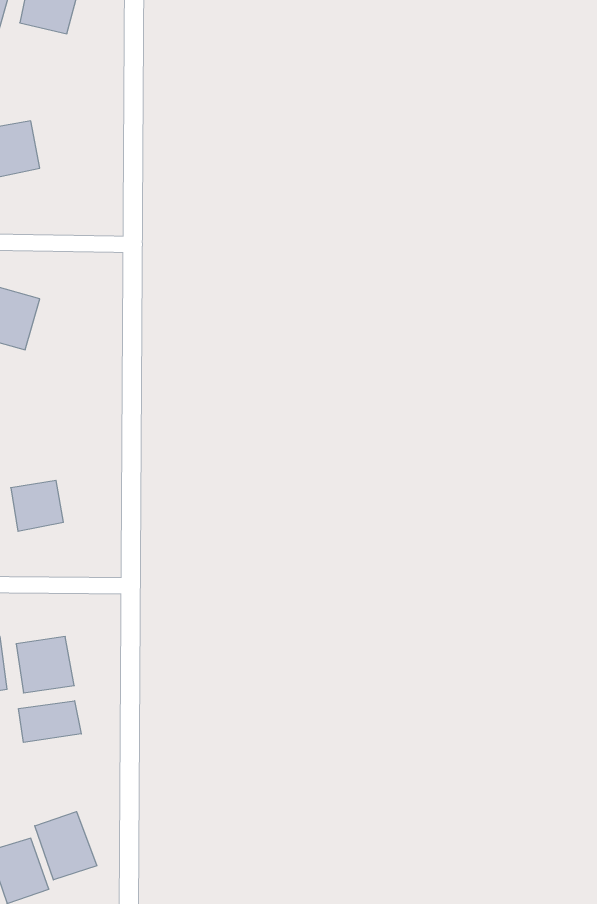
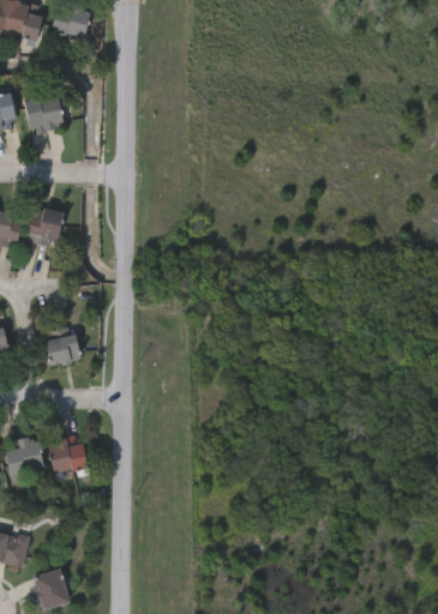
building: [19,701,81,742] -> none
building: [35,812,97,880] -> none

